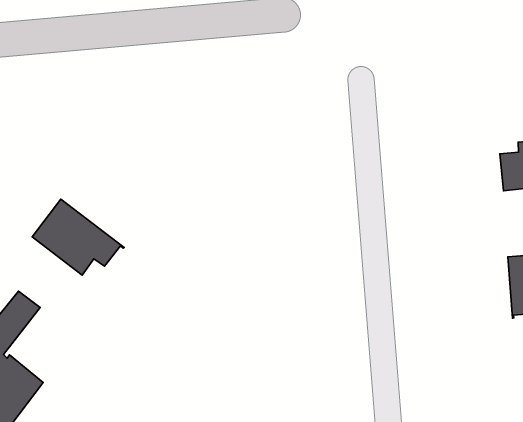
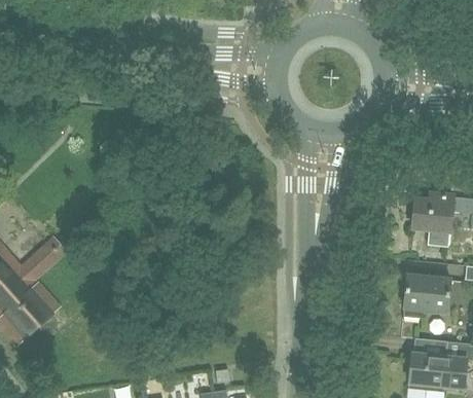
building: [32,199,124,275] -> none

